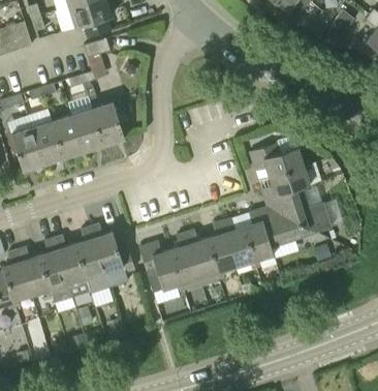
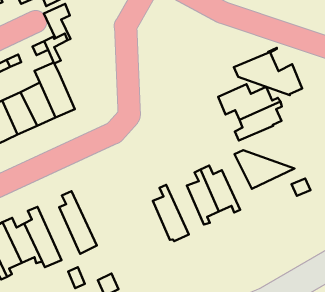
building: [93,102,125,146] -> none
building: [265,183,332,233] -> [234,48,302,95]
building: [245,211,275,268] -> none
building: [91,225,136,287] -> none
building: [187,231,220,287] -> none
building: [55,237,91,297] -> none
building: [139,242,184,293] -> none

